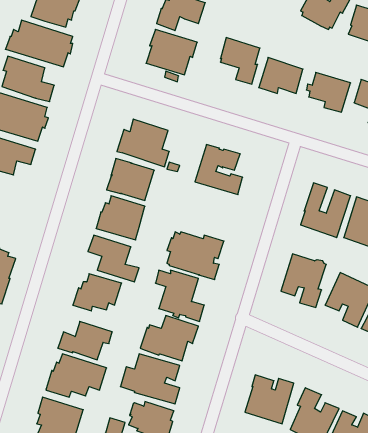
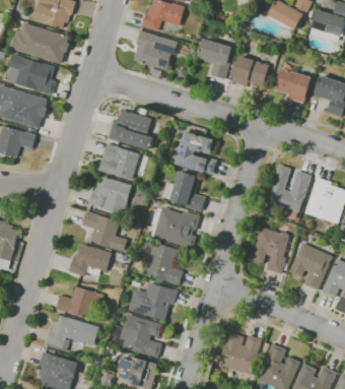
building: none -> [160,171,205,211]

